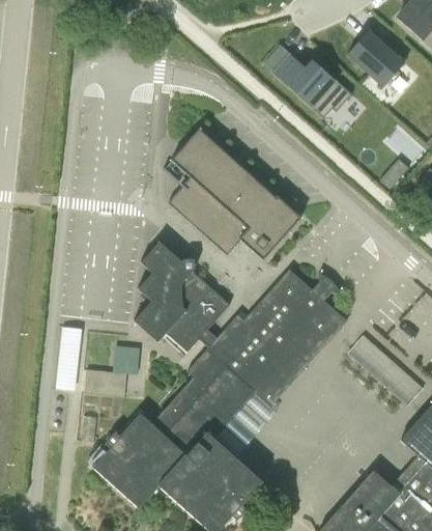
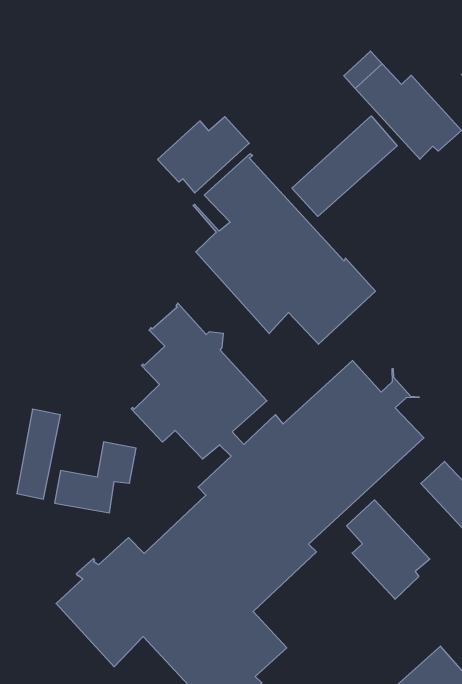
building: none -> [292,116,397,216]
building: none -> [158,117,249,193]
building: none -> [347,500,430,599]

